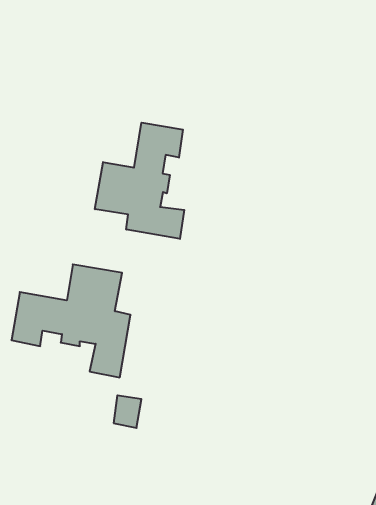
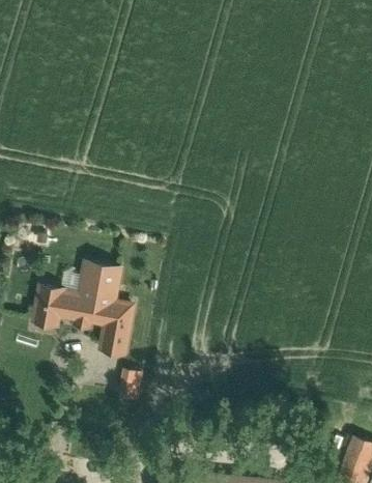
building: [95,123,184,239] -> none

